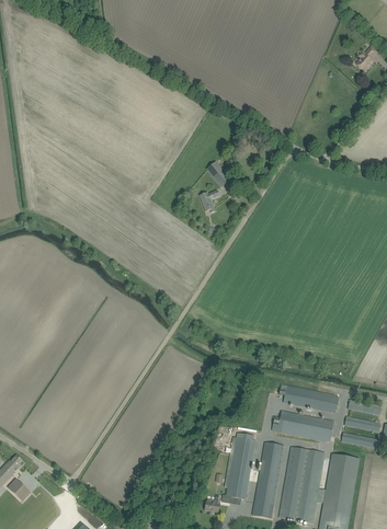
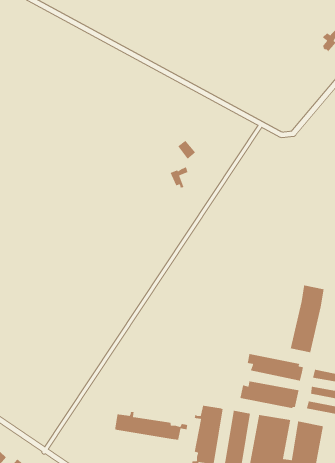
building: none -> [290,284,324,353]
building: none -> [114,411,188,441]

